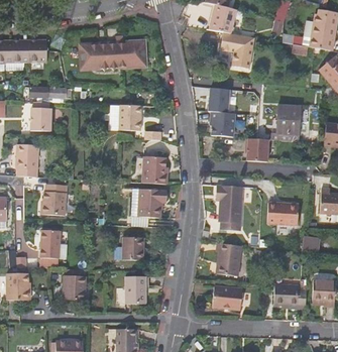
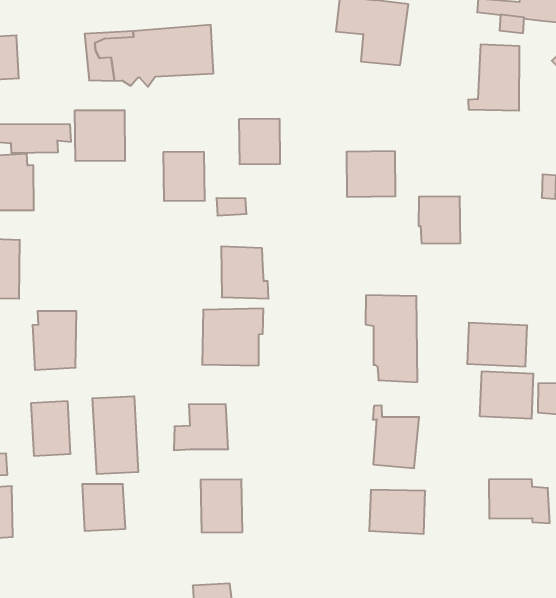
building: none -> [75,110,125,161]
building: [208,86,230,110] -> [239,119,280,164]
building: [271,103,300,138] -> [468,44,520,111]
building: none -> [480,371,533,419]
building: none -> [93,396,138,474]

